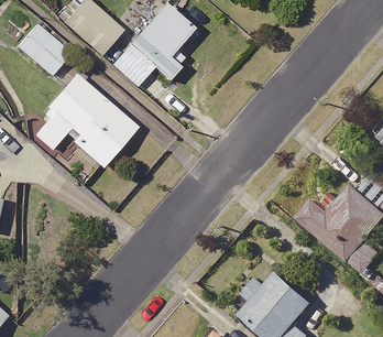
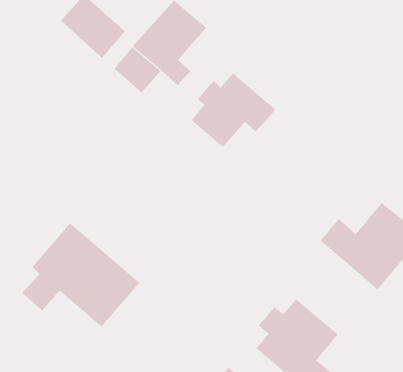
building: [17,23,73,76] -> none
building: none -> [191,72,276,148]
building: [33,73,139,166] -> [22,222,140,327]

